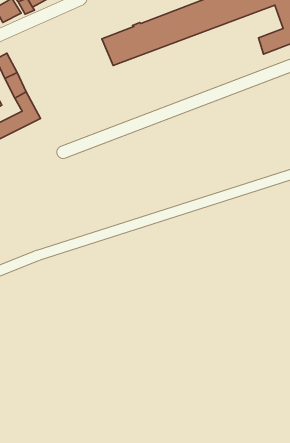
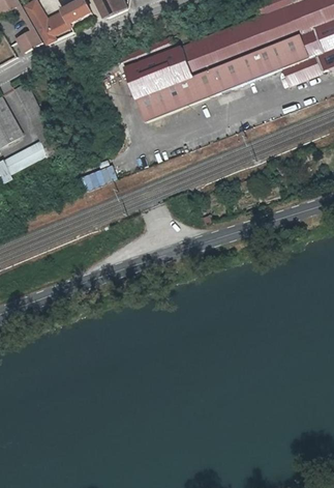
building: none -> [135,33,307,119]

